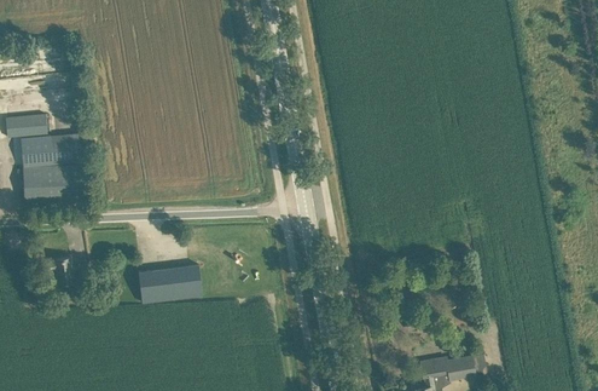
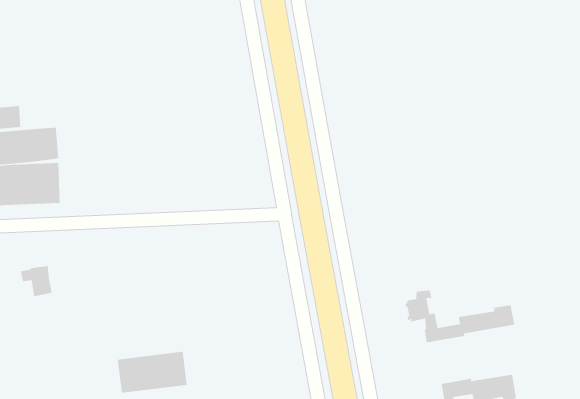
building: [138,265,201,303] -> [117,351,188,393]
building: none -> [405,289,515,343]

